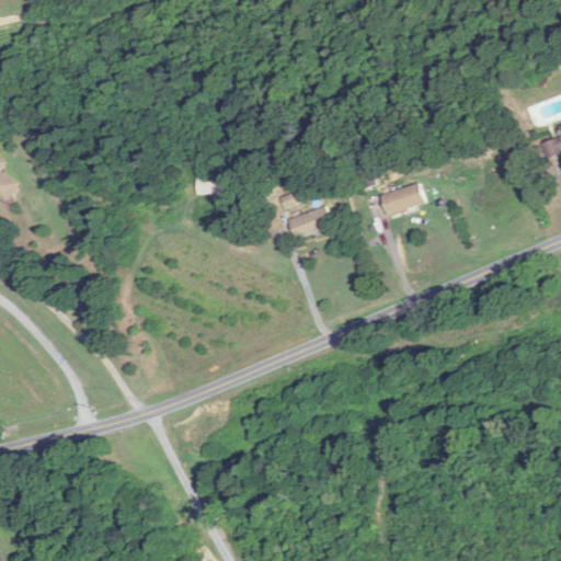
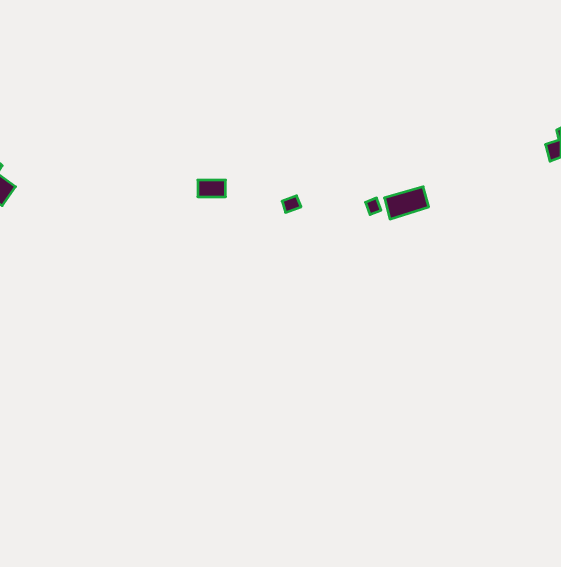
building: [286,206,330,240] -> none

